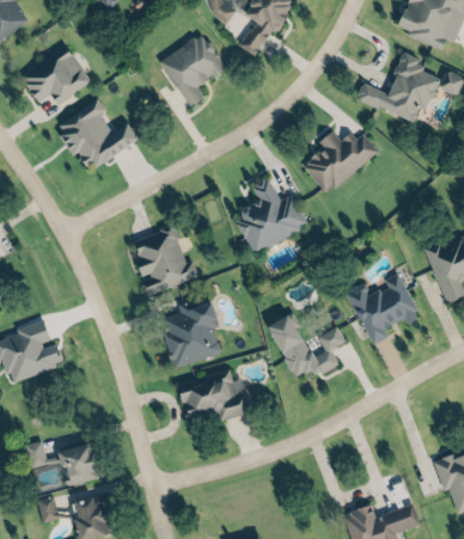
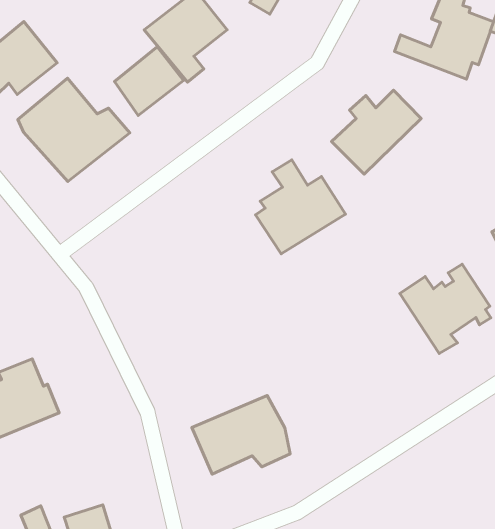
building: none -> [114,47,183,115]
building: [133,226,199,292] -> none
building: [160,296,220,366] -> none
building: [269,313,346,380] -> none

